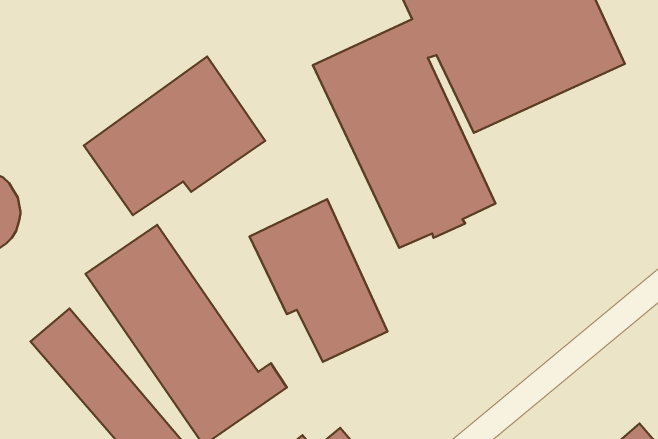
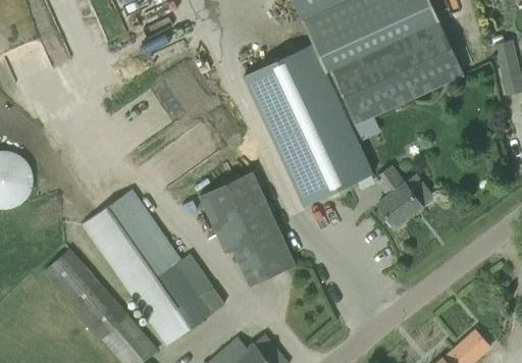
building: [84,56,265,215] -> none
building: none -> [374,167,432,227]

